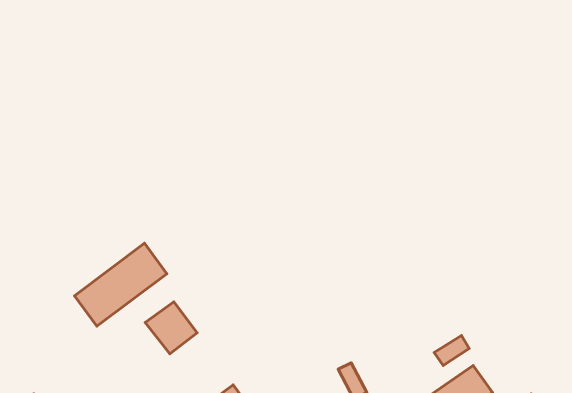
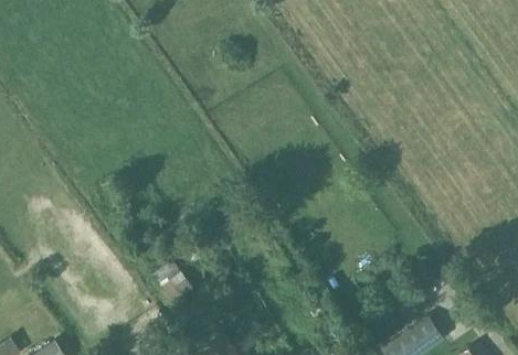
building: [74,243,167,326] -> none

